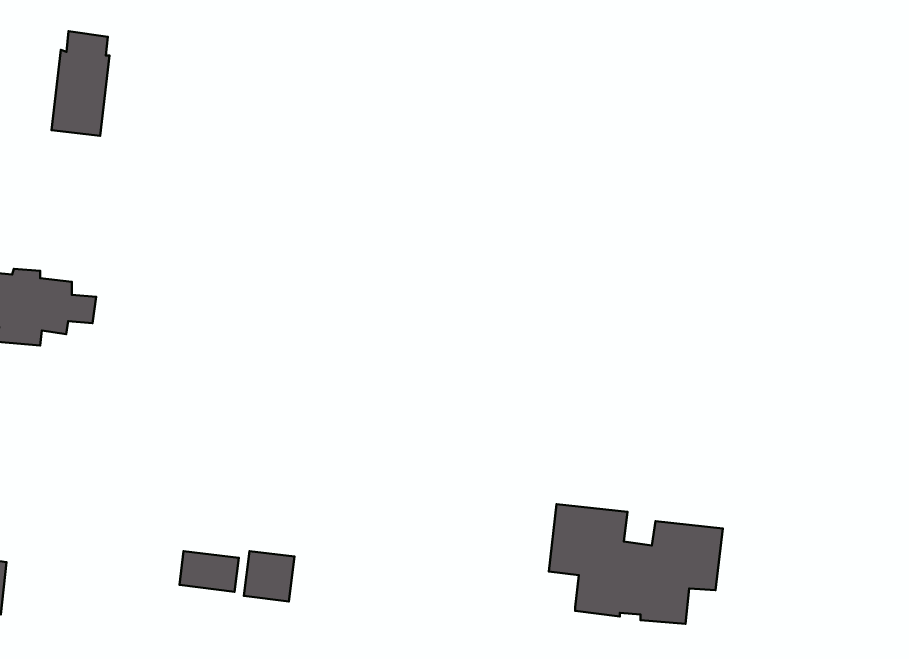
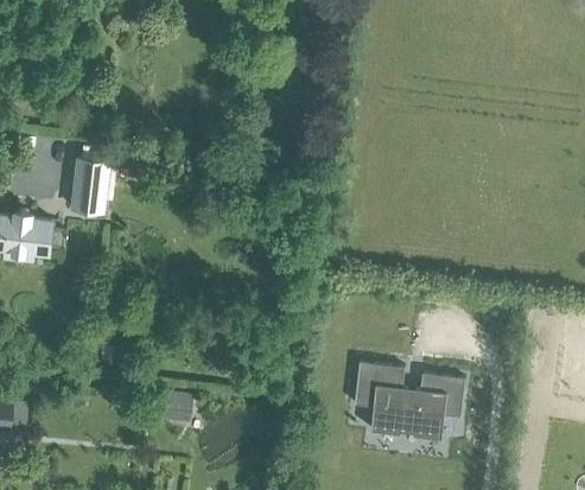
building: [52,31,110,136] -> [71,147,108,214]
building: [179,551,239,592] -> none

